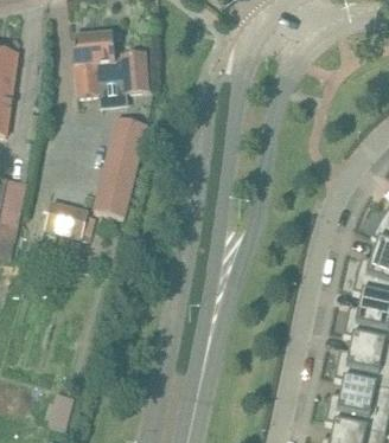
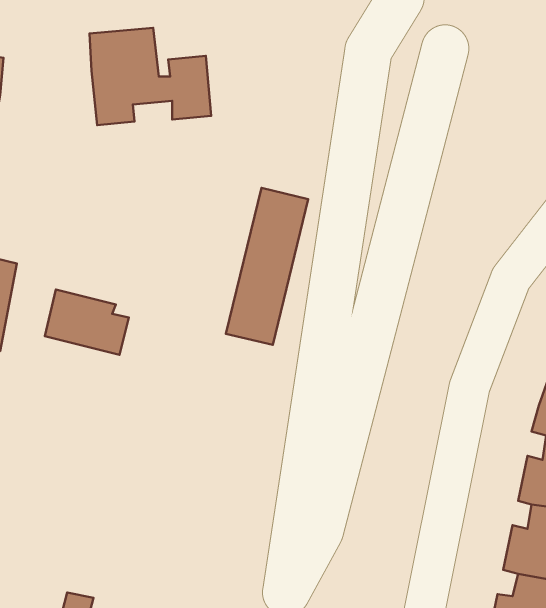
building: [94,116,146,216] -> [226,188,308,345]

